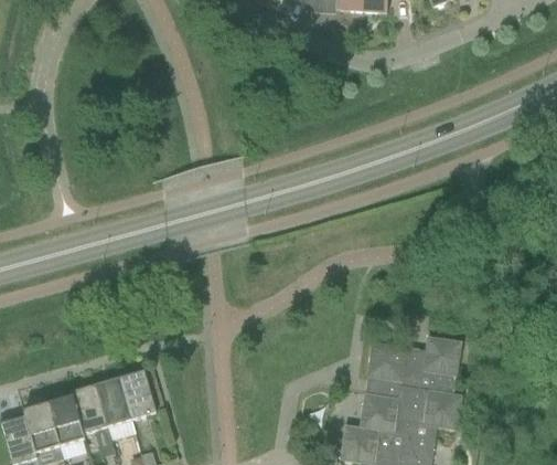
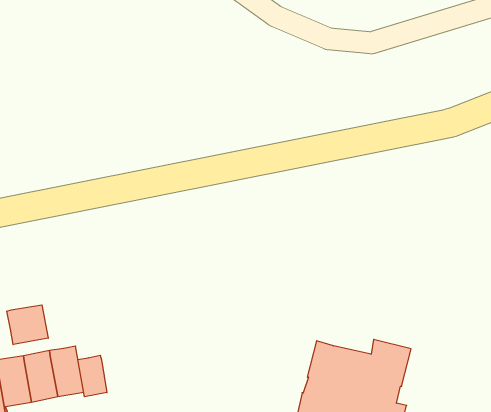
building: none -> [7,305,48,345]
building: none -> [78,355,107,397]

